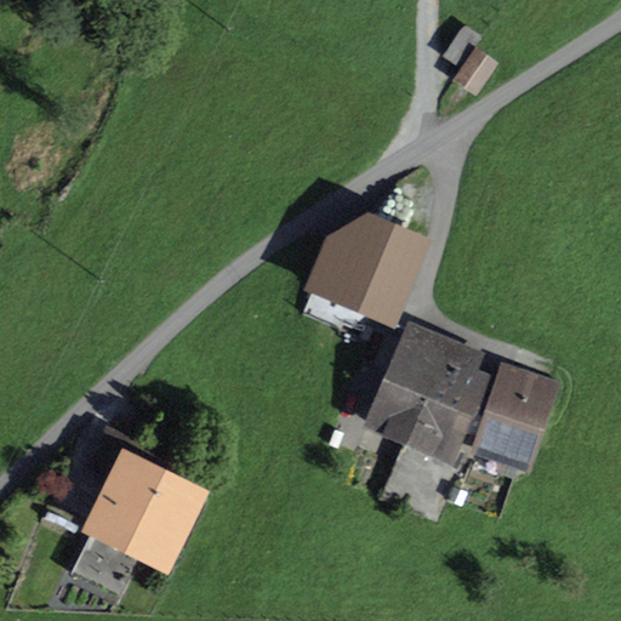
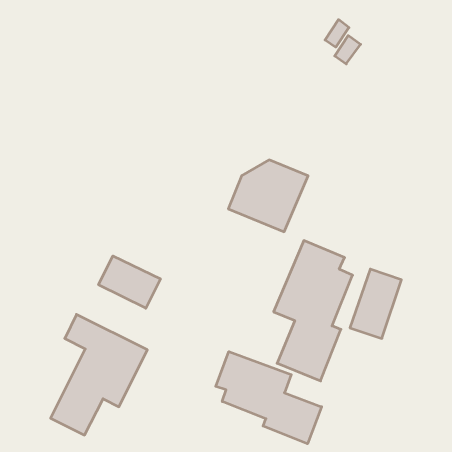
building: none -> [99,256,160,308]
building: none -> [216,352,322,444]

